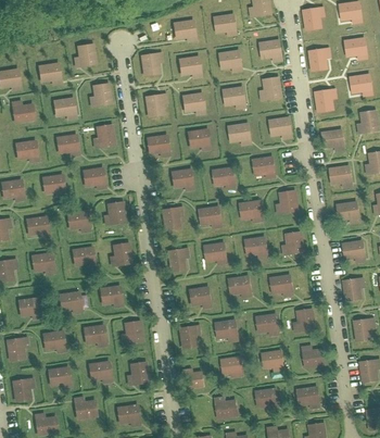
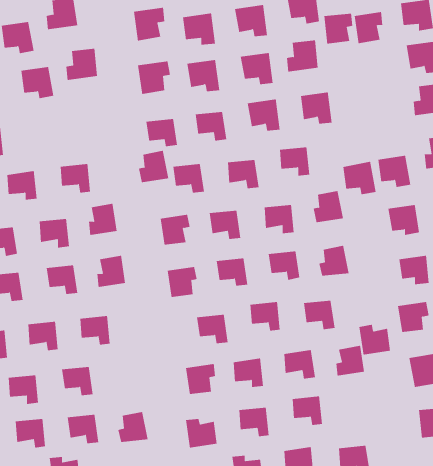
building: [314,84,337,108] -> [324,13,353,44]
building: [93,123,117,148] -> [138,150,169,183]
building: [320,126,346,152] -> [343,161,376,195]
building: [55,135,80,158] -> none
building: [122,324,145,348] -> none
building: [302,343,327,367] -> [358,324,391,355]

